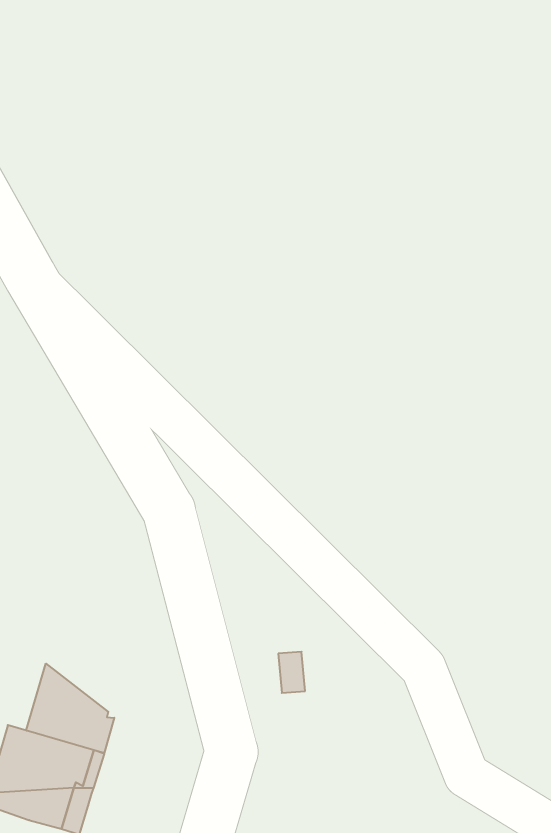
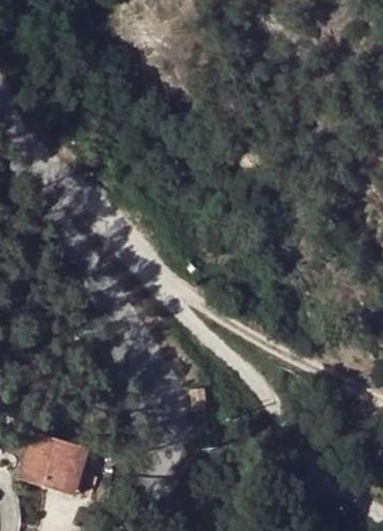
building: [26,664,114,753] -> none

